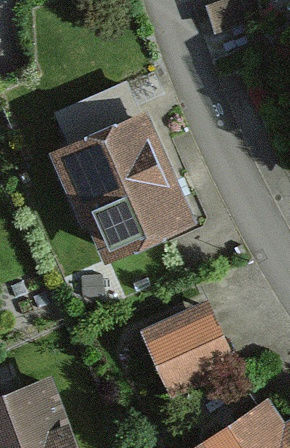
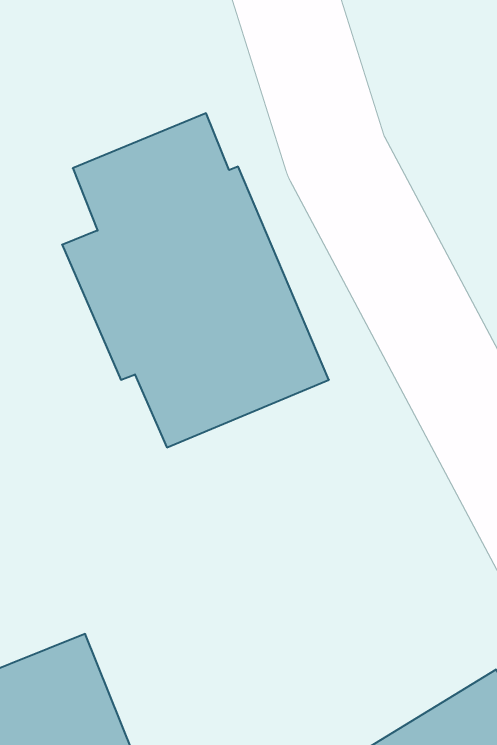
building: [147,309,238,404] -> none

